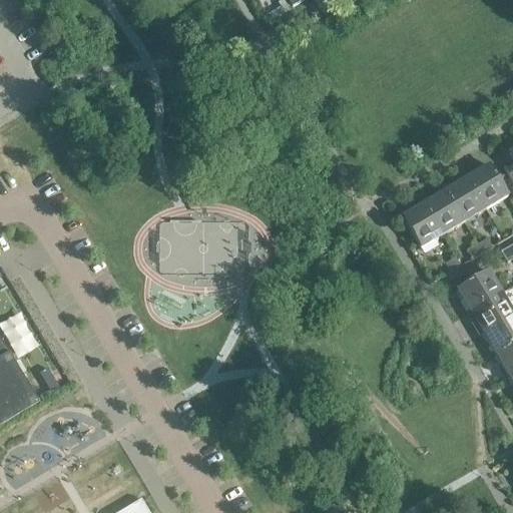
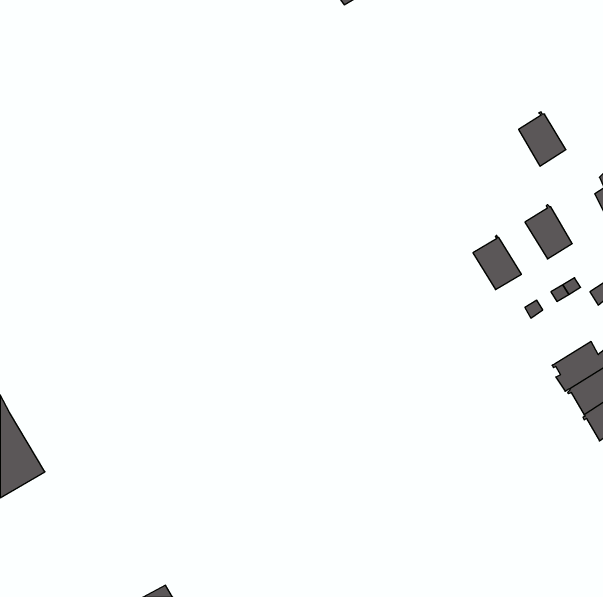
building: [468,160,508,206] -> [519,112,566,166]
building: [424,186,465,232] -> none
building: [456,268,502,309] -> none

